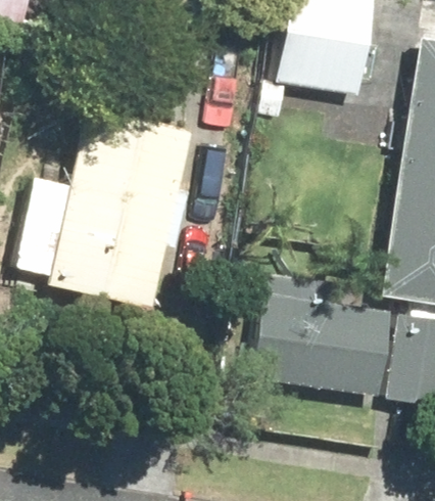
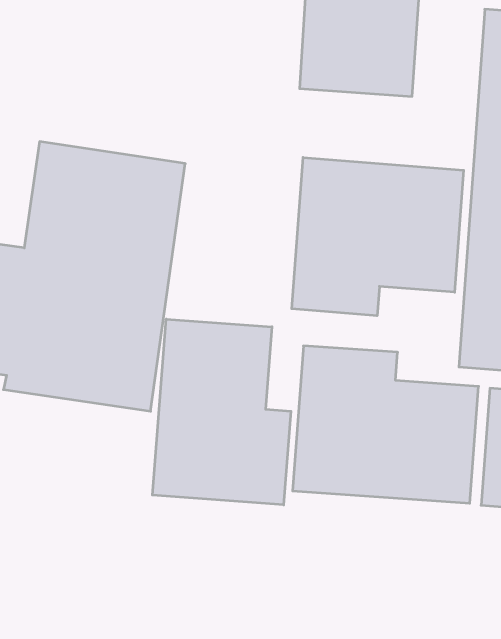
building: none -> [292,157,464,316]
building: none -> [152,319,291,505]

